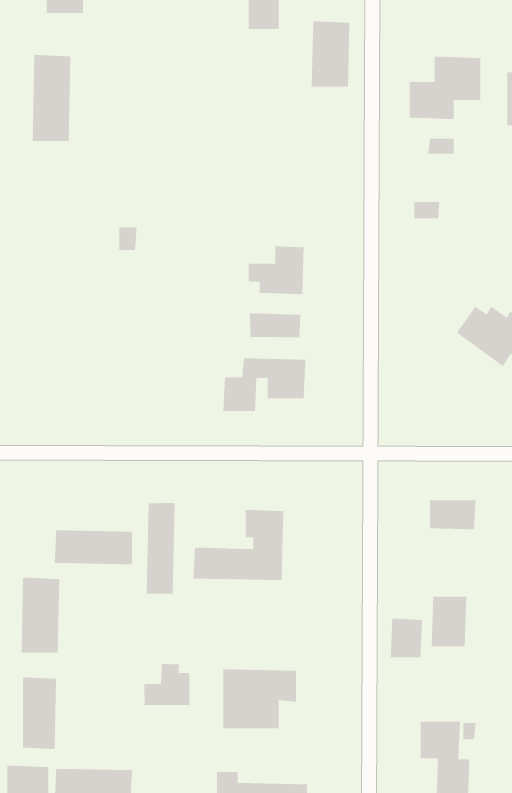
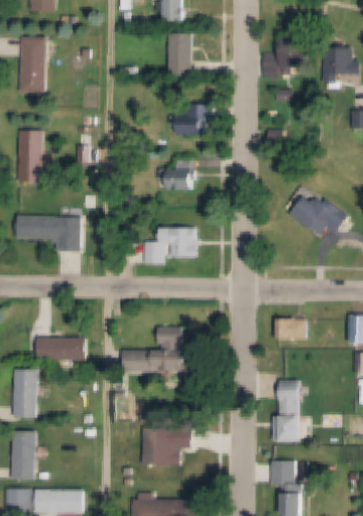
building: [311,21,350,87] -> [167,31,193,74]
building: none -> [169,113,203,133]
building: none -> [16,131,43,182]
building: [249,312,301,338] -> none
building: none -> [16,216,82,249]
building: [146,502,175,594] -> none
building: [390,618,423,658] -> [281,415,302,440]
building: [144,663,190,706] -> none

